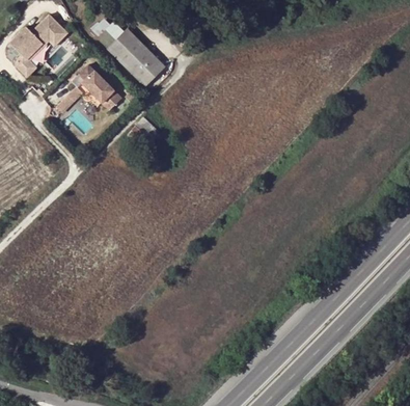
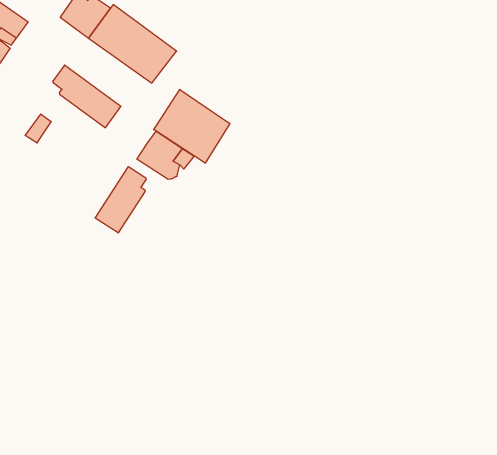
building: none -> [154,89,230,163]
building: none -> [95,167,146,233]

